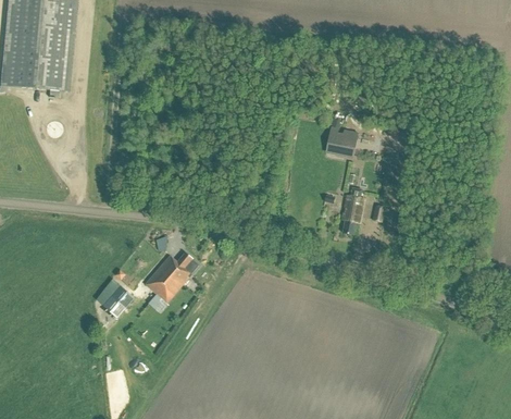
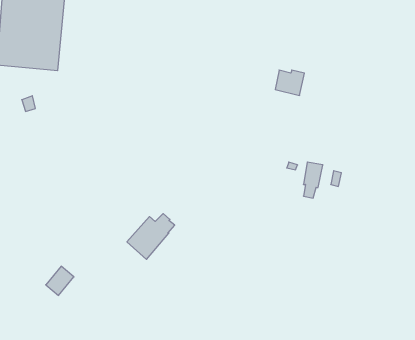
building: [323,128,356,157] -> [275,70,304,95]
building: [101,283,133,316] -> [46,266,74,295]

